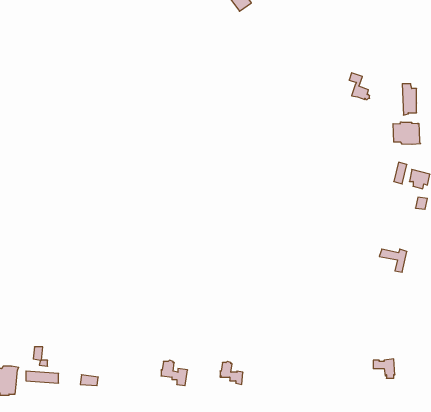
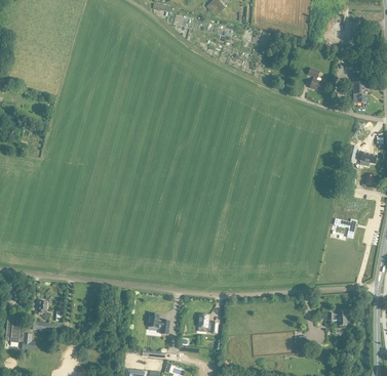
building: [393,122,421,144] -> none

